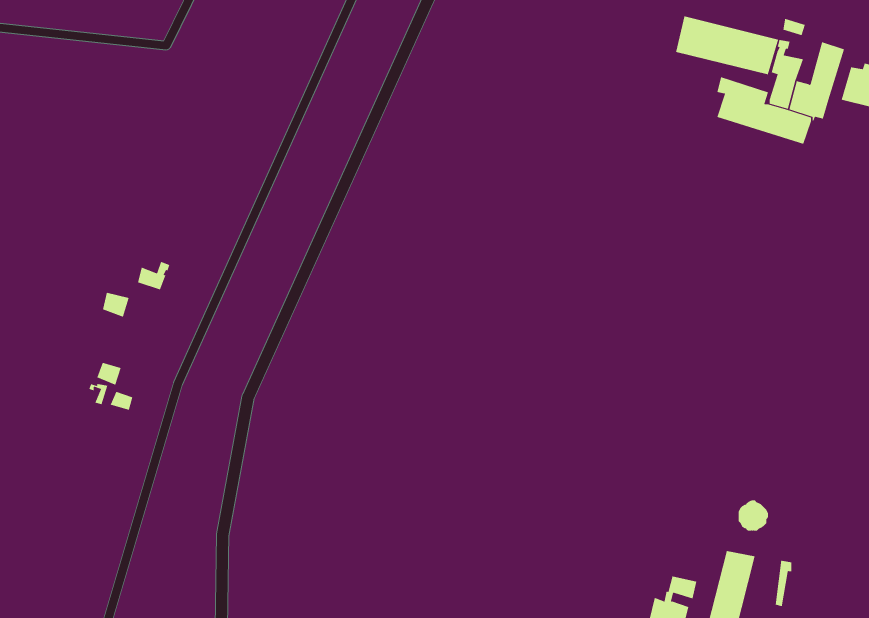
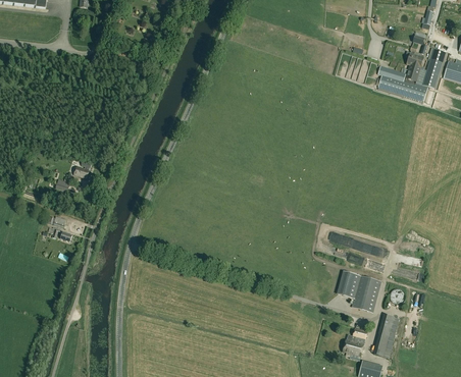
building: [676,16,779,75] -> none
building: none -> [338,270,381,312]

